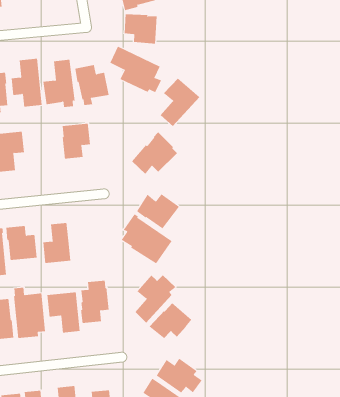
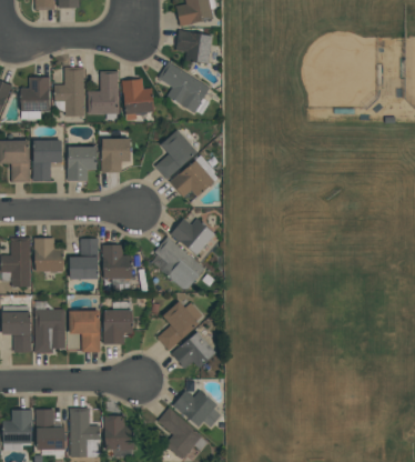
building: [160,78,200,127] -> [154,130,198,180]
building: none -> [67,147,97,181]
building: none -> [102,245,132,283]

